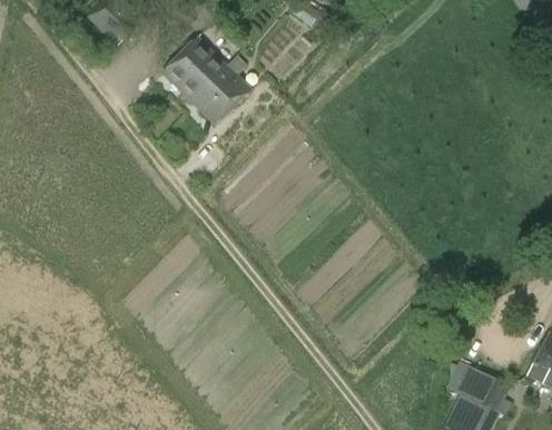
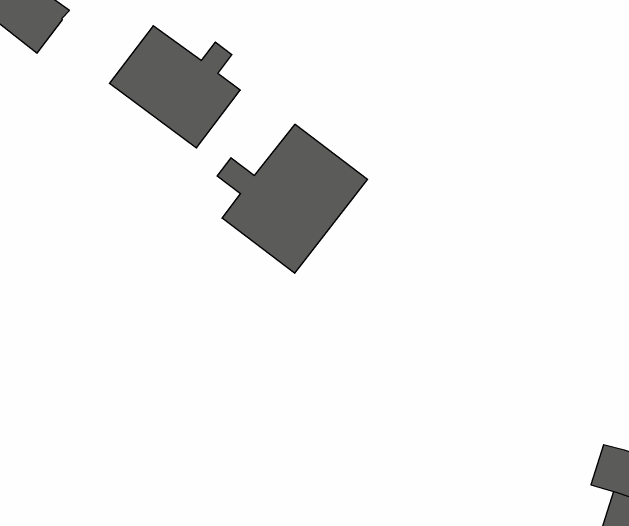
building: none -> [217,124,368,273]

